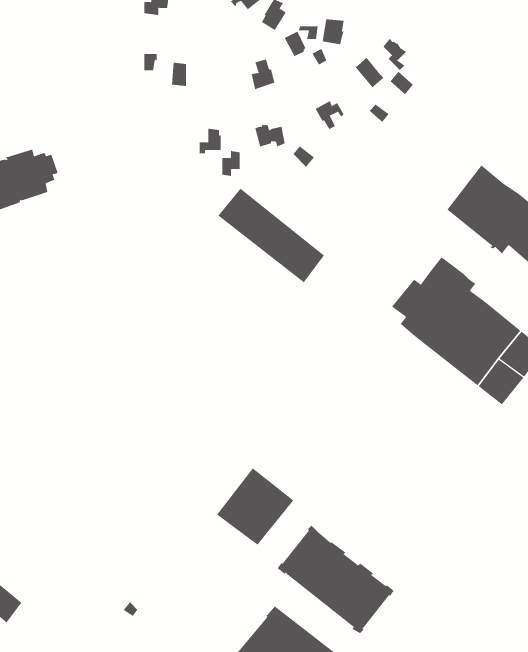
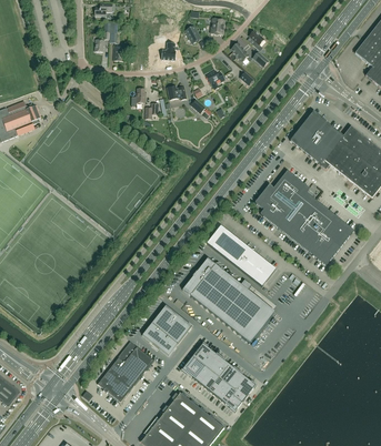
building: [218,188,325,283] -> [207,224,275,285]
building: none -> [182,256,274,342]
building: none -> [98,339,153,401]

